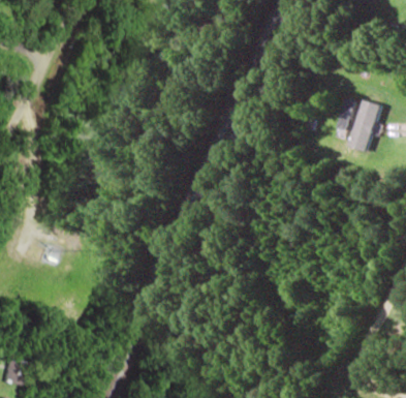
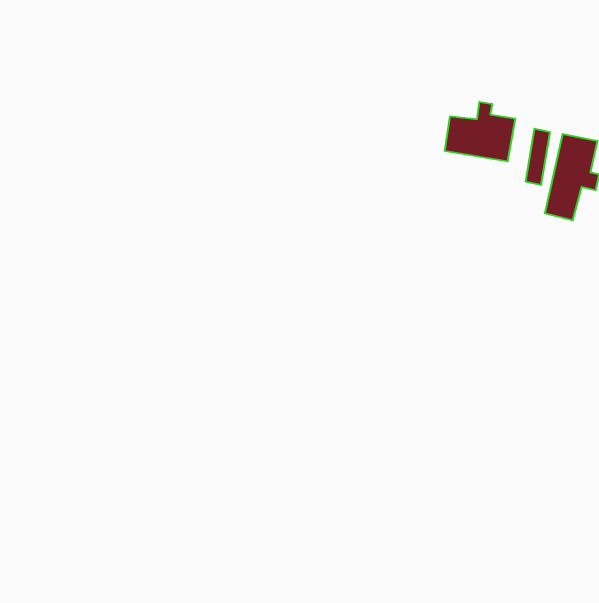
building: none -> [445,102,515,162]

